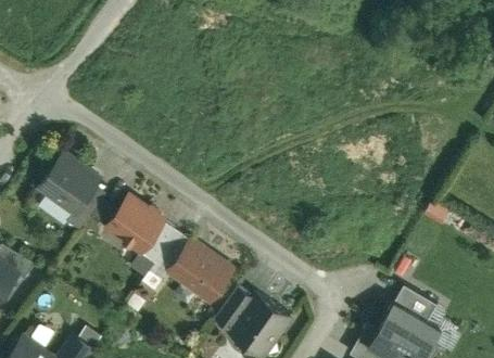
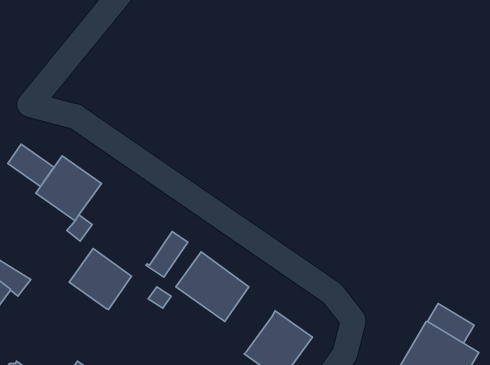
building: none -> [8,144,54,186]
building: [107,193,164,248] -> [69,248,131,310]
building: [215,284,254,327] -> none

